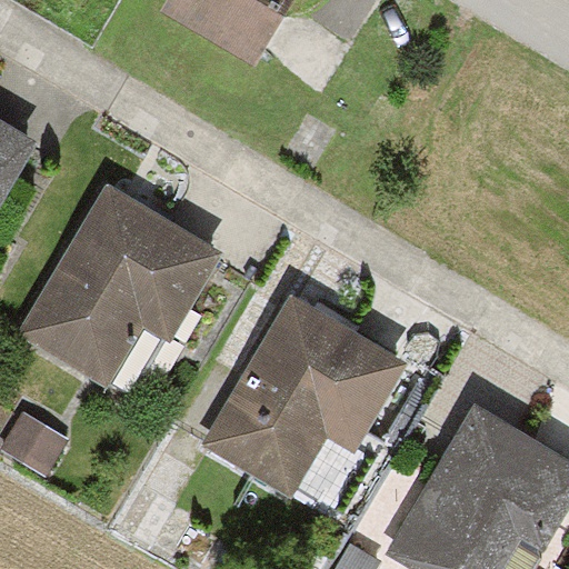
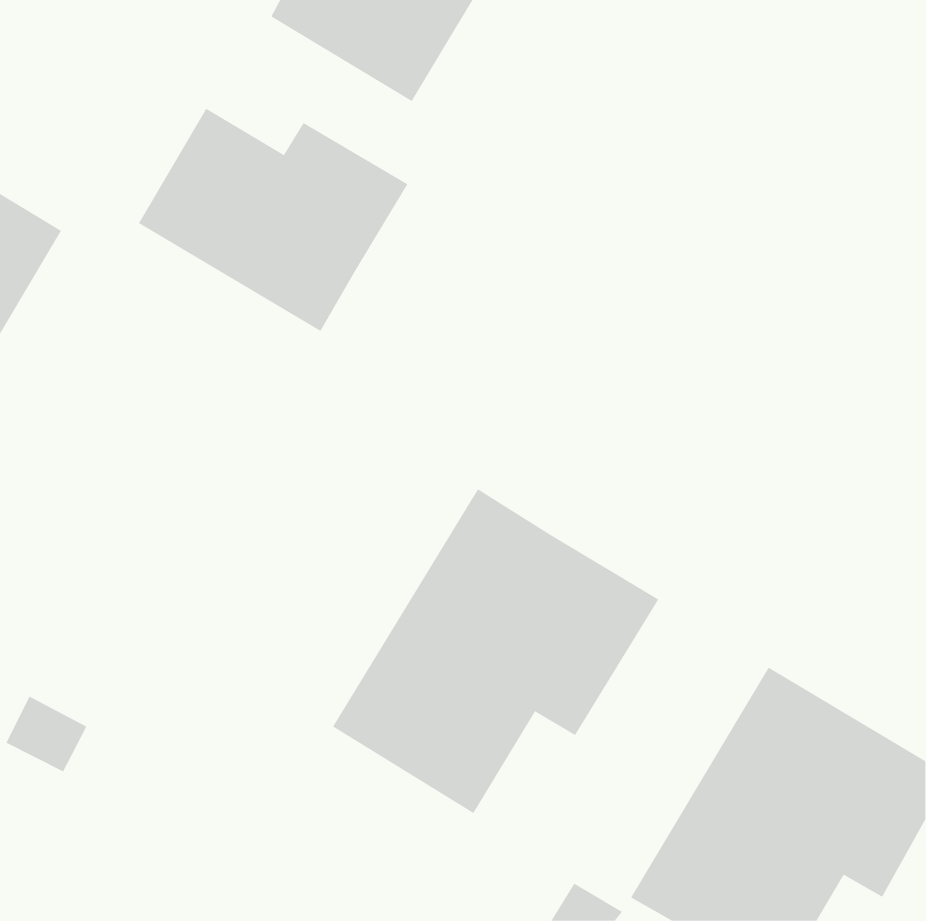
building: none -> [138,108,408,332]
building: [29,188,222,373] -> none

